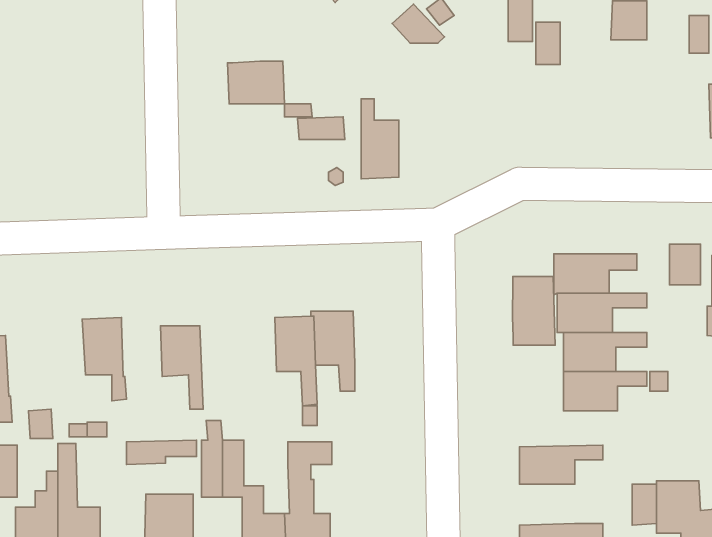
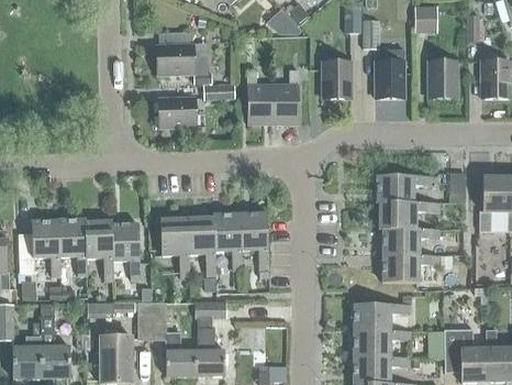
building: none -> [374,47,403,99]
building: none -> [427,61,456,98]
building: none -> [321,62,350,98]
building: none -> [271,70,299,123]
building: none -> [158,99,196,128]
building: [512,276,555,345] -> none
building: none -> [241,212,268,266]
building: none -> [160,218,190,277]
building: none -> [19,219,60,274]
building: none -> [85,220,113,281]
building: none -> [353,330,409,358]

